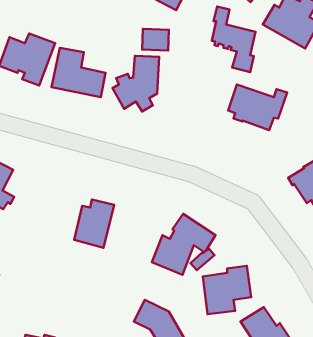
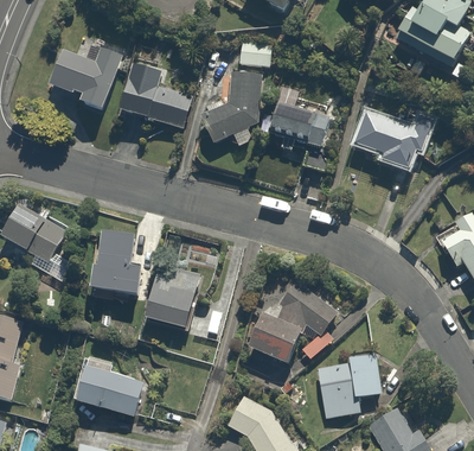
building: [212,7,256,72] -> [271,85,329,172]
building: none -> [94,231,143,299]
building: none -> [72,357,143,415]

